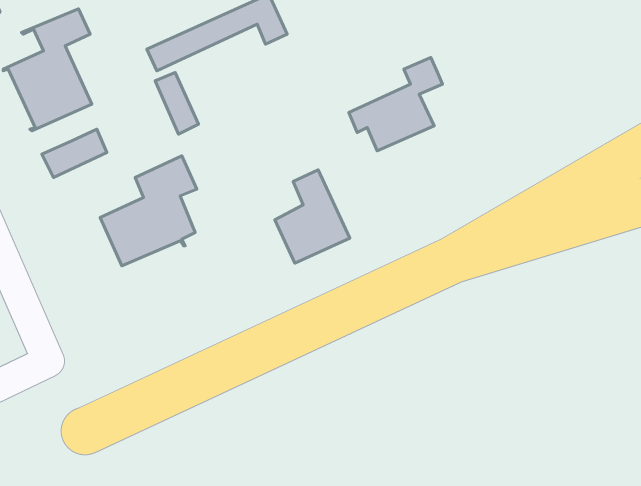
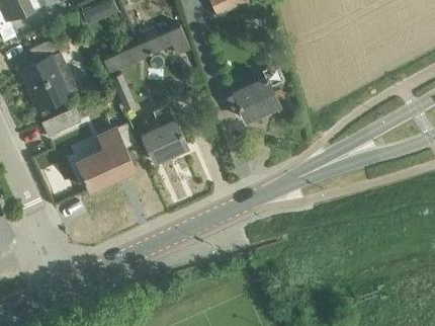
building: [275,170,350,263] -> [141,105,186,162]

